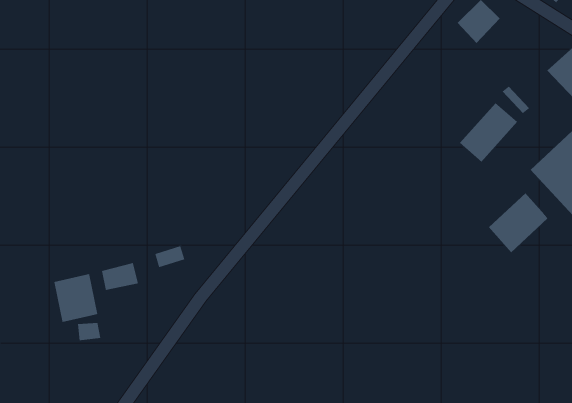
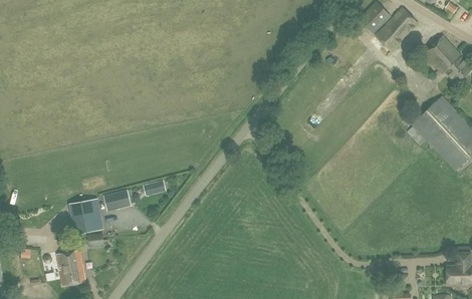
building: [459,102,518,163] -> [376,7,418,50]
building: [488,192,548,253] -> none
building: none -> [57,249,85,285]

